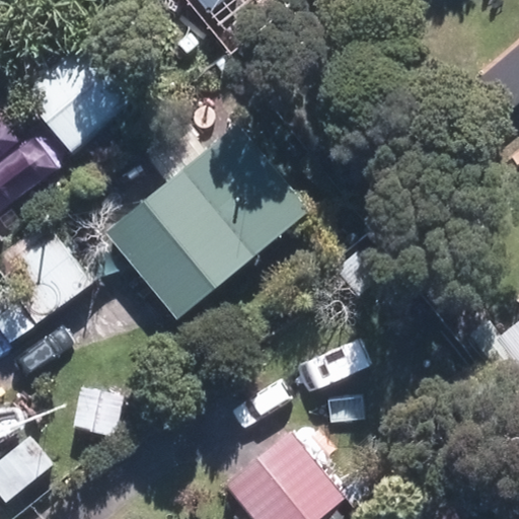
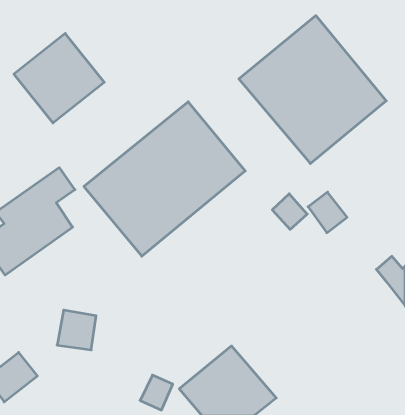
building: none -> [239,16,386,164]

